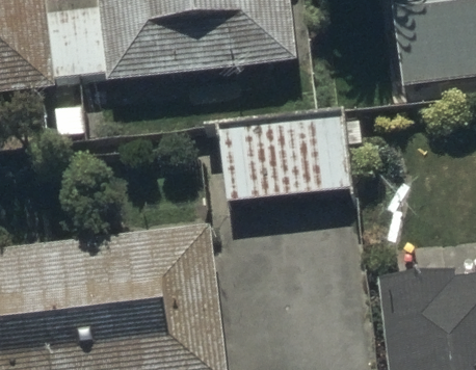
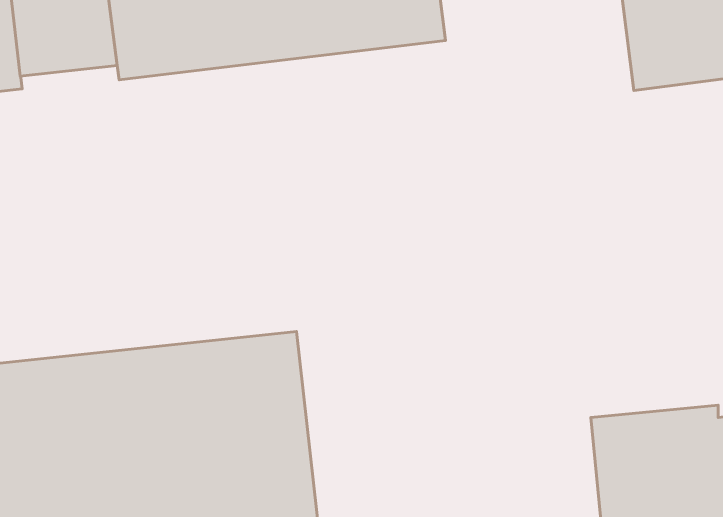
building: [218,115,349,203] -> none

